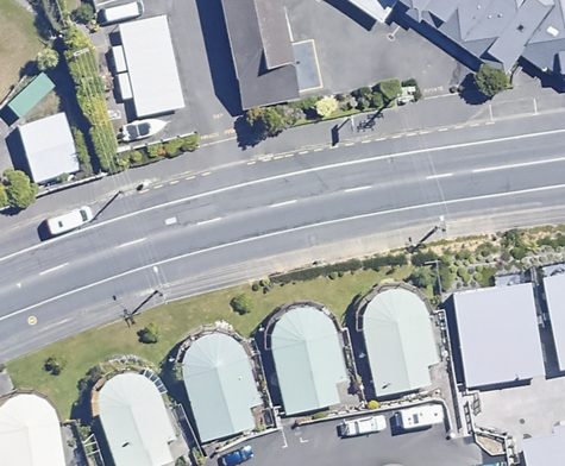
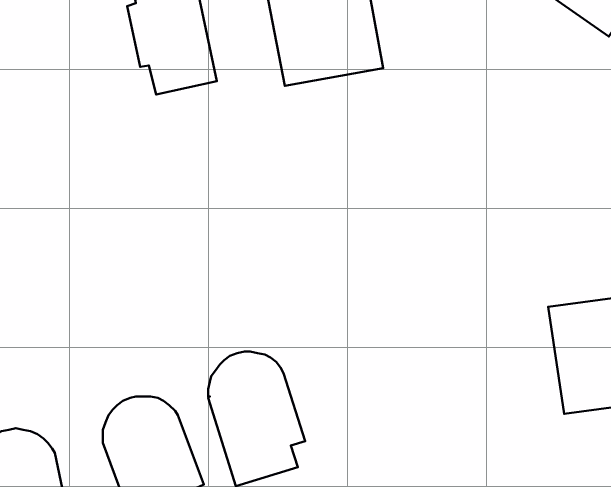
building: [17,113,82,185] -> none
building: [358,284,435,396] -> none
building: [268,303,346,415] -> none

